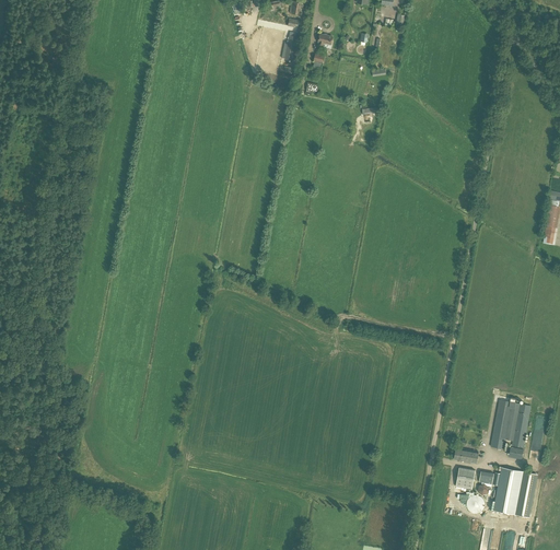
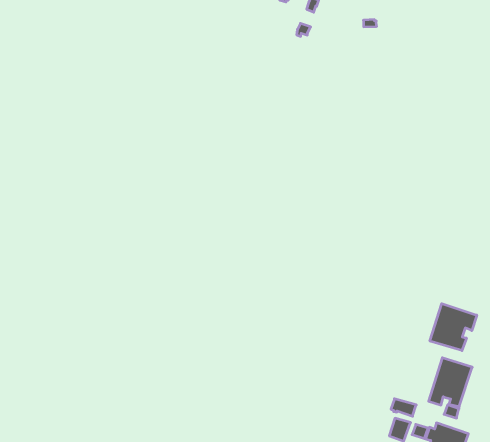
building: none -> [430,304,477,351]

